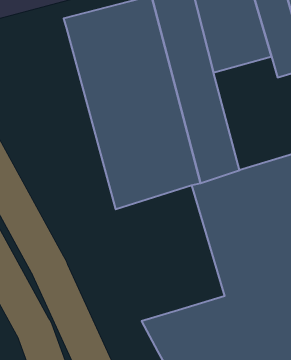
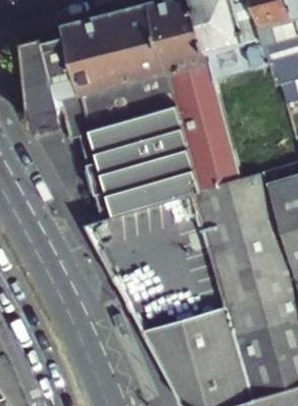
building: none -> [27,35,118,223]

